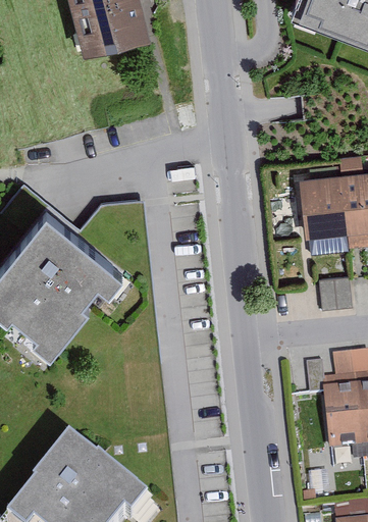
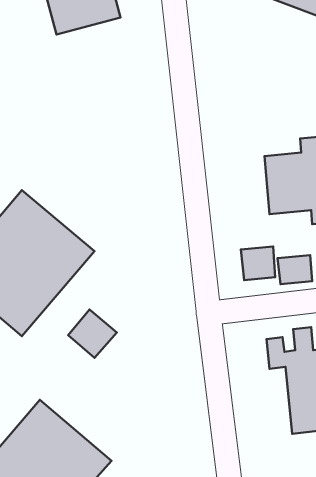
building: none -> [241,246,275,280]
building: none -> [68,310,117,358]

